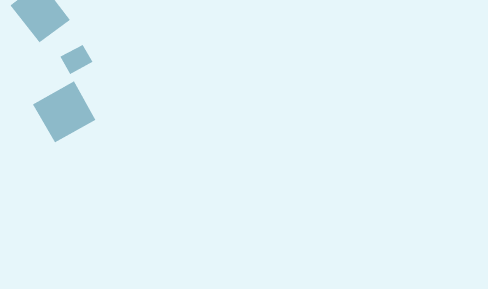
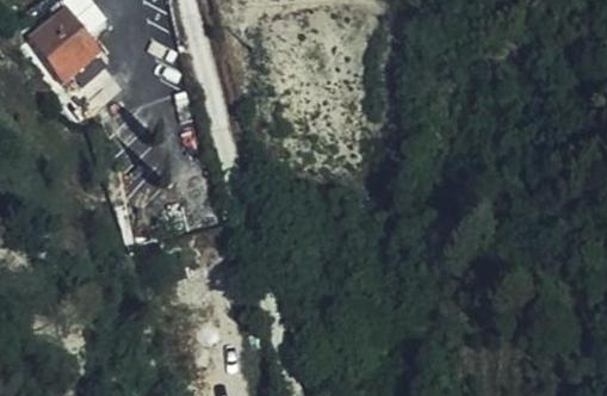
building: [32,80,96,143] -> none

